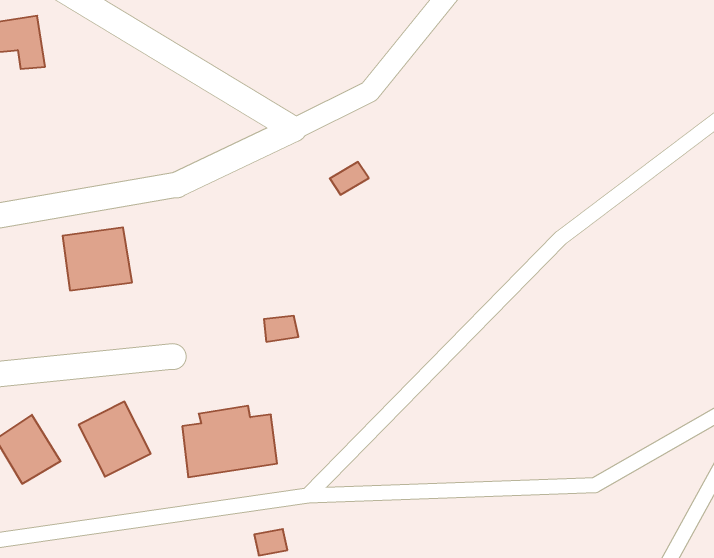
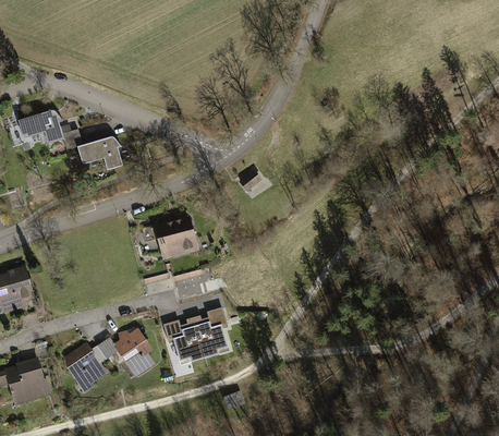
building: none -> [76,134,123,169]
building: [63,227,132,290] -> [153,218,197,259]

